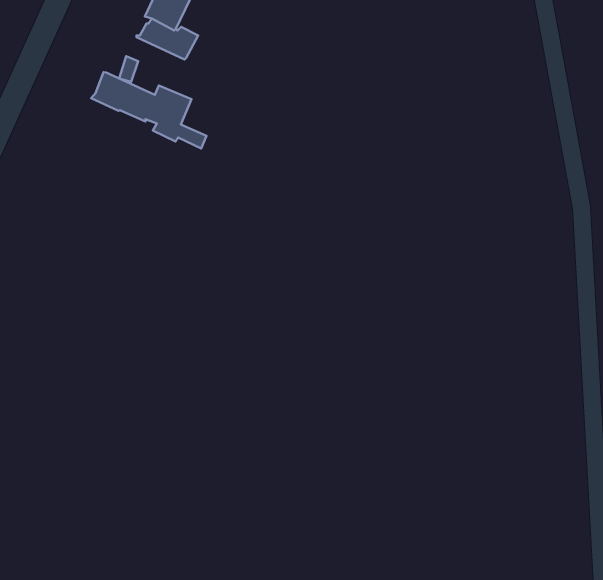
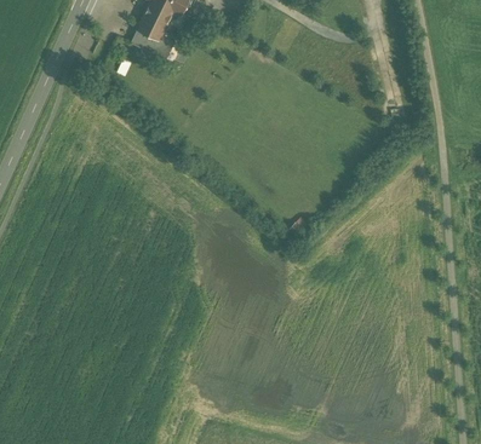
building: [91,72,206,148] -> none

